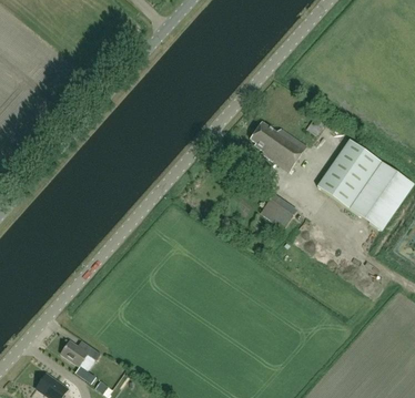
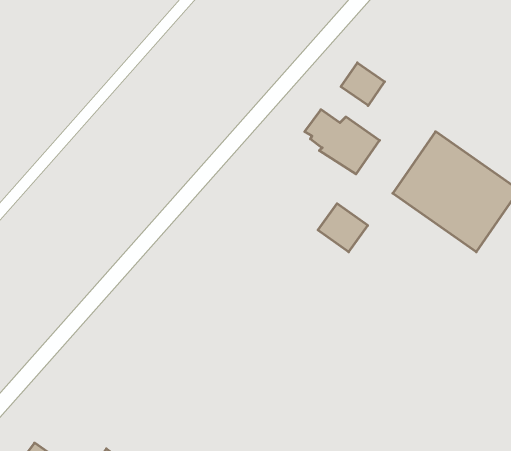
building: none -> [341,63,385,106]
building: [60,339,94,369] -> none

